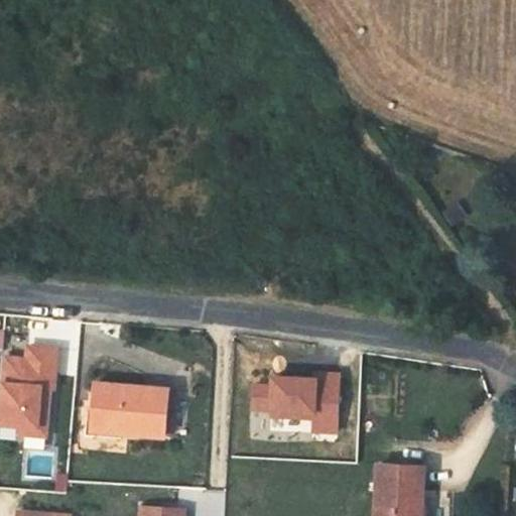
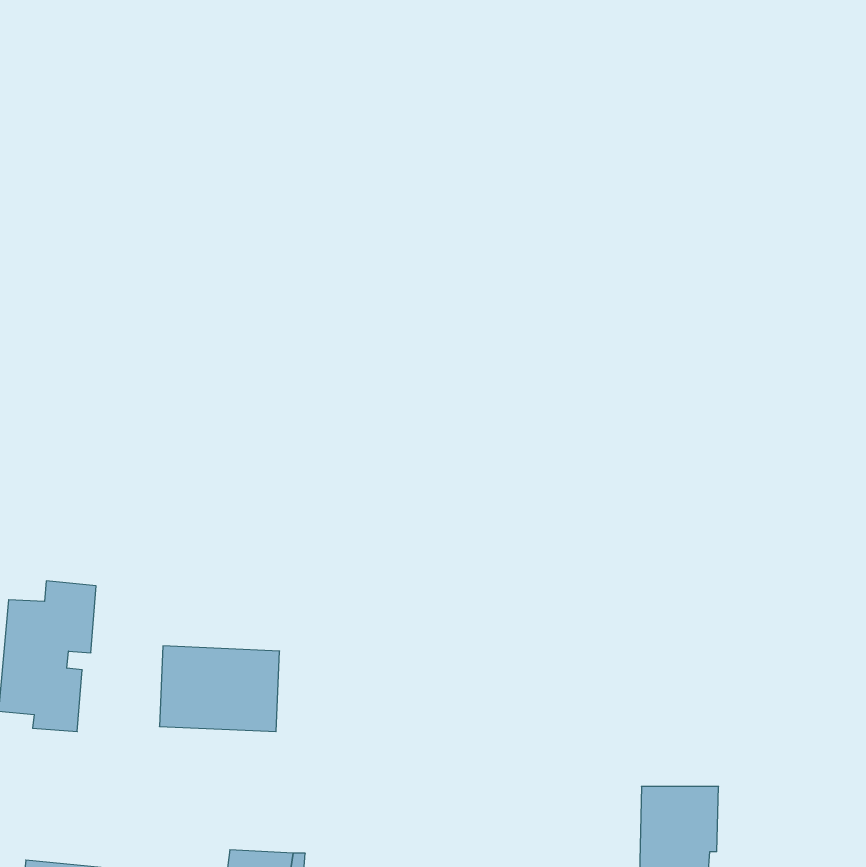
building: [253,376,336,432] -> none

